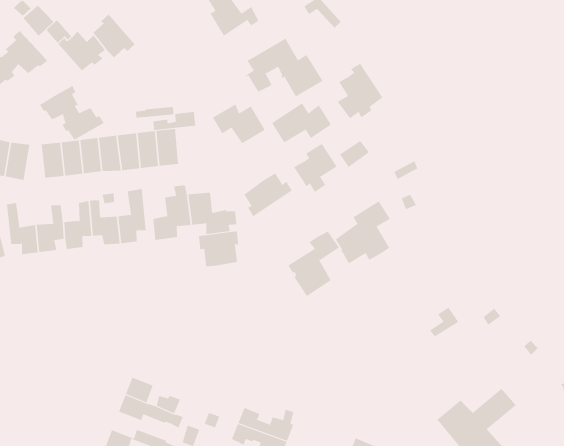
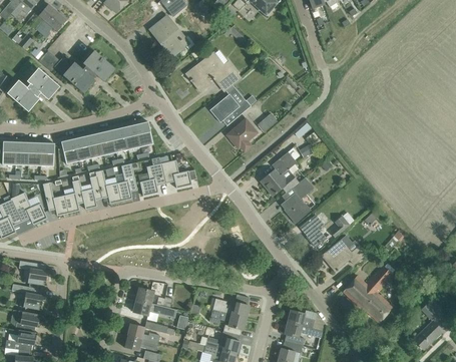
building: [337,63,383,119] -> none
building: [39,85,104,140] -> none
building: [212,103,265,144] -> none
building: [136,106,196,131] -> none
building: [244,172,292,217] -> none
building: [198,231,239,267] -> none
building: [287,231,340,297] -> [281,177,314,223]
building: none -> [300,214,326,247]
building: none -> [322,235,365,271]

